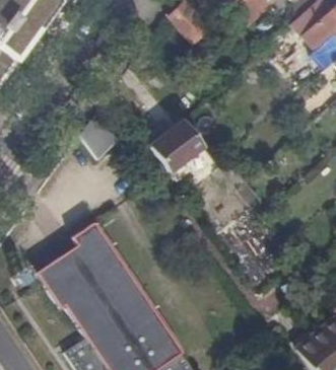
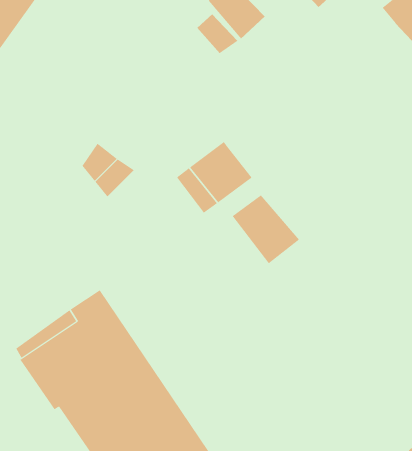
building: none -> [232,195,300,264]

